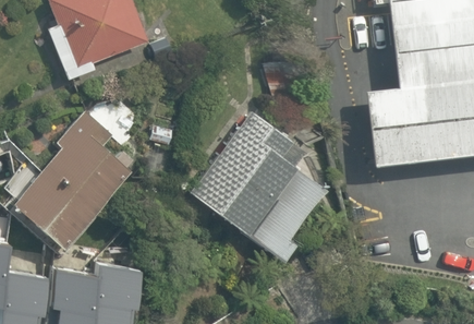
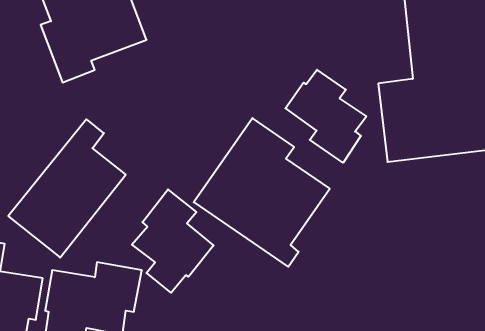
building: none -> [285,70,366,163]
building: none -> [132,189,214,293]

